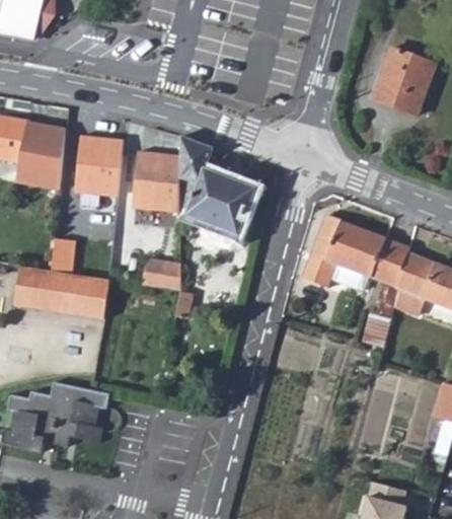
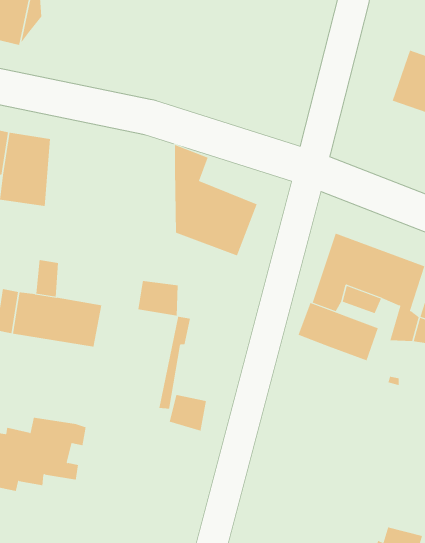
building: [75,137,121,195] -> none
building: [132,151,178,214] -> none
building: none -> [298,302,378,361]
building: none -> [169,394,207,432]

